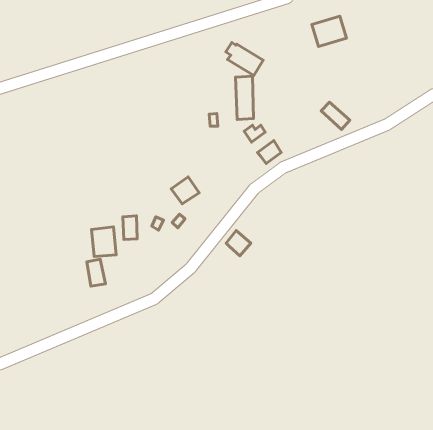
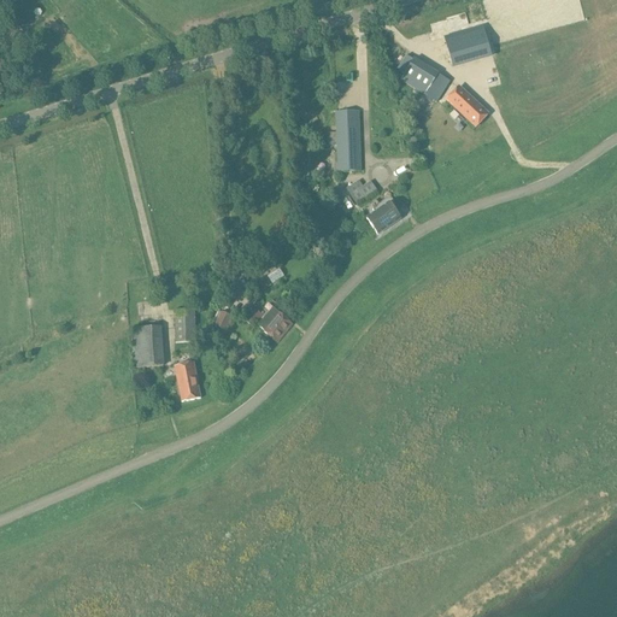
building: [226,43,263,76] -> [398,53,451,100]
building: [321,102,350,129] -> [447,86,488,124]
building: [226,230,251,256] -> [258,305,293,341]
building: [87,259,105,286] -> [175,360,201,399]

